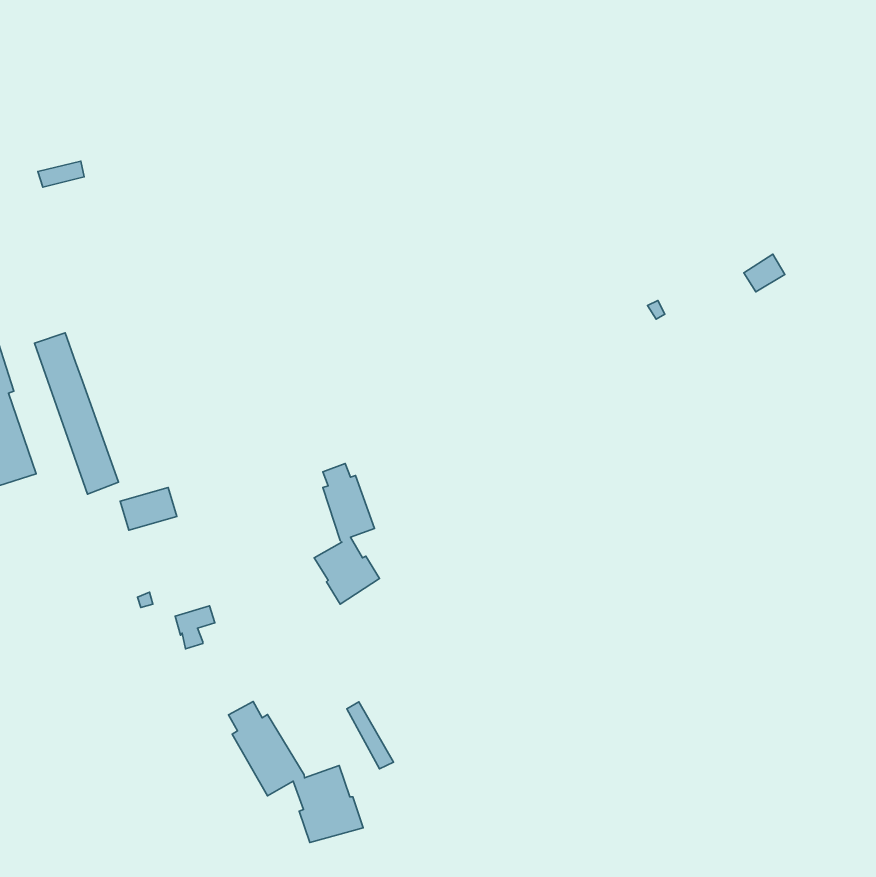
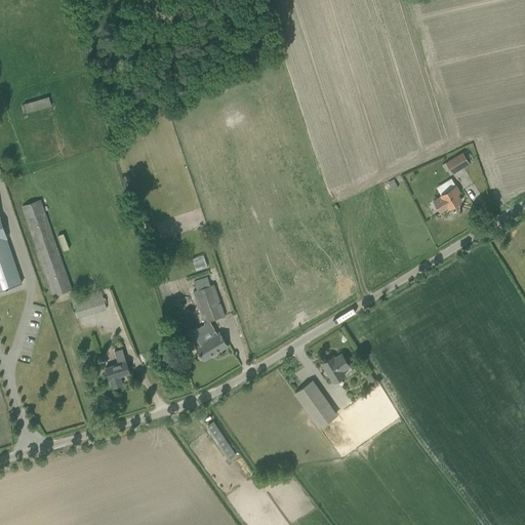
building: none -> [432,178,460,213]
building: none -> [321,354,349,382]
building: none -> [294,380,335,427]
building: [229,702,363,842] -> none

